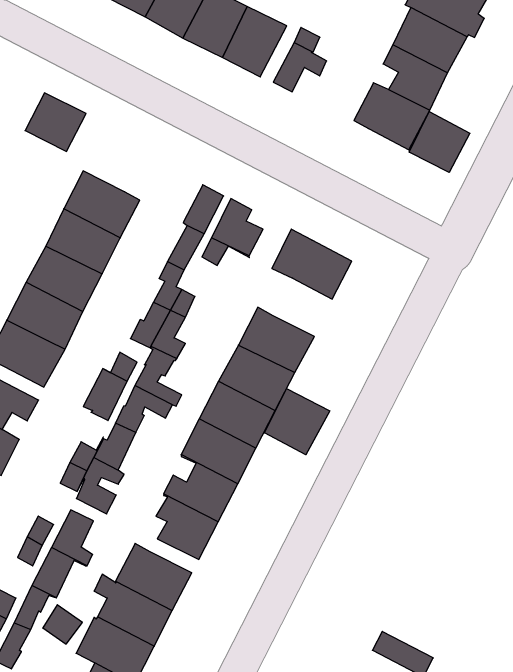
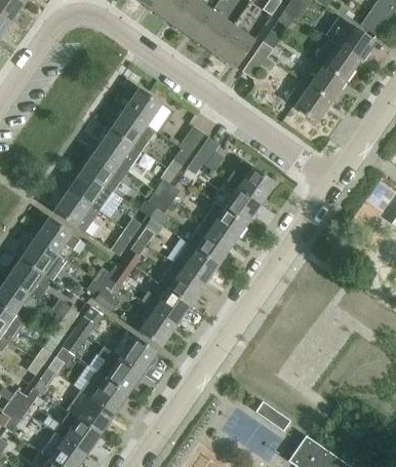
building: [25,93,86,151] -> [124,88,161,124]
building: [409,112,470,172] -> none
building: none -> [224,188,260,224]
building: [264,389,330,455] -> none

